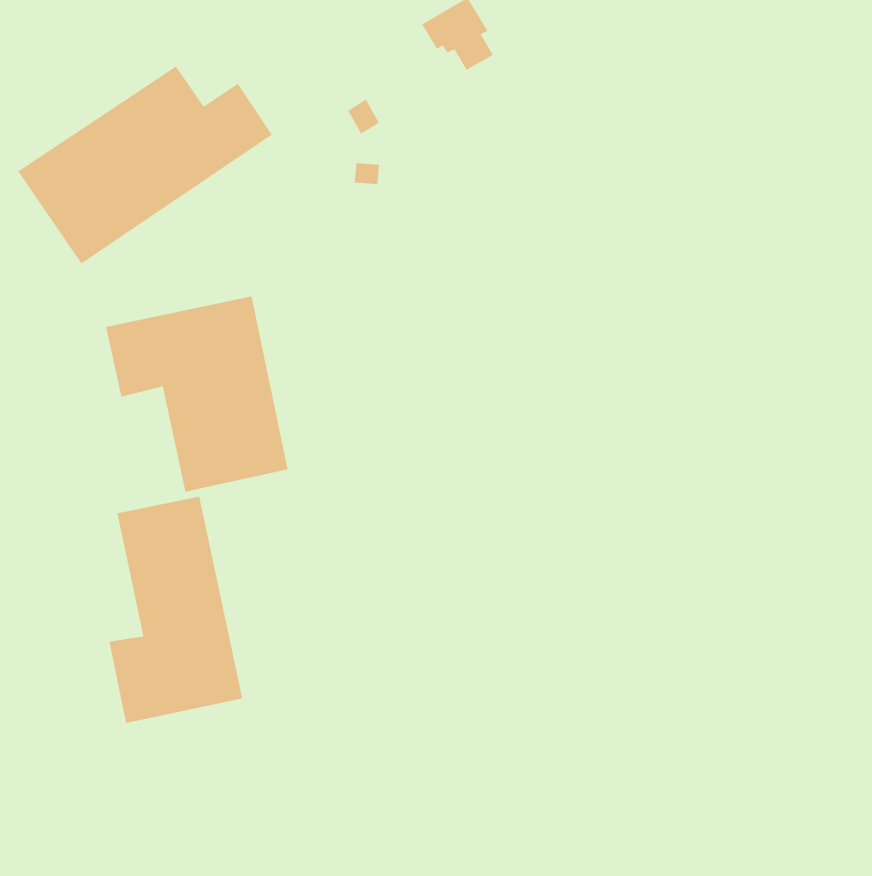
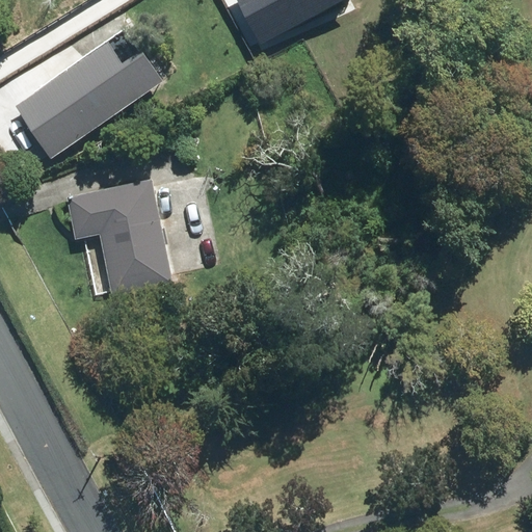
building: [109,496,243,724] -> none

